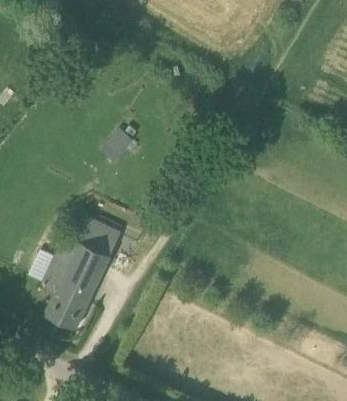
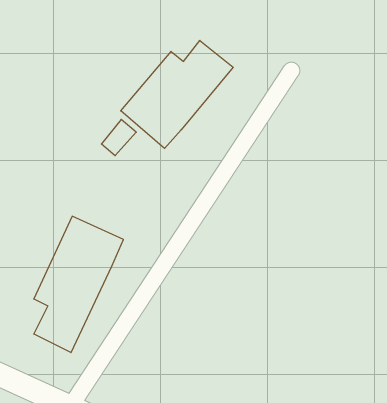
building: none -> [121,40,233,148]

